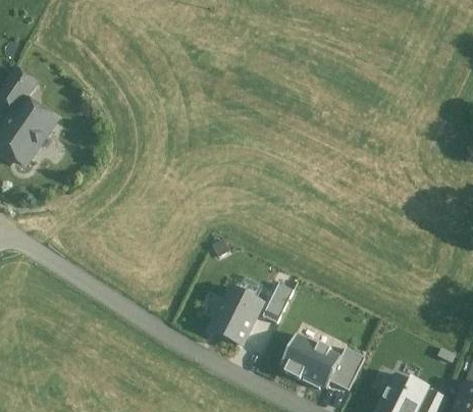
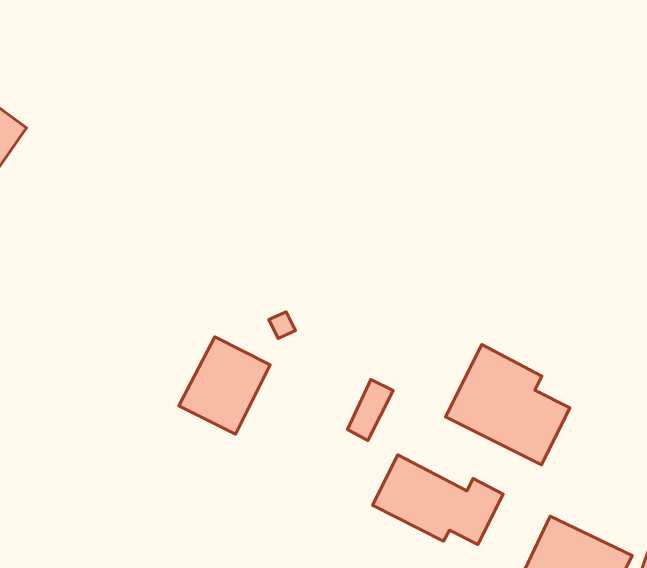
building: none -> [445,345,570,465]
building: [206,284,265,347] -> [179,337,270,434]

